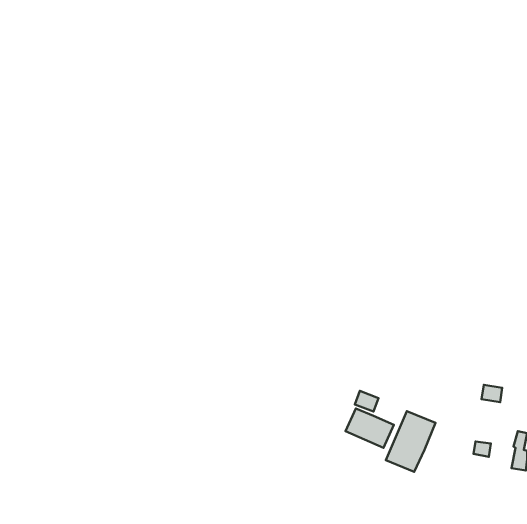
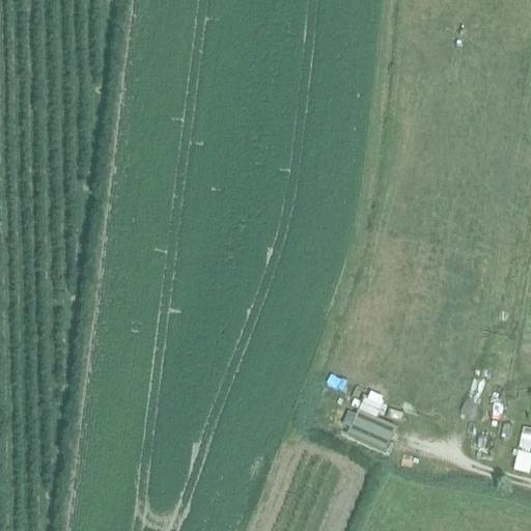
building: [386,411,435,472] -> none

